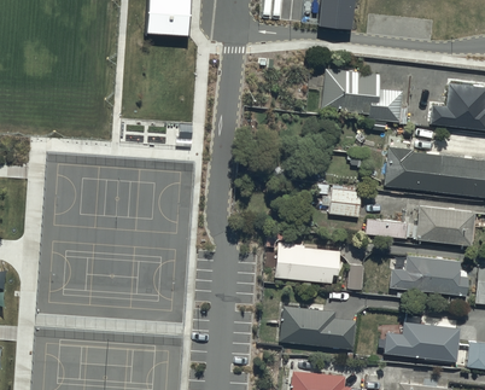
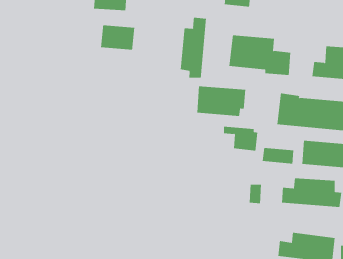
building: none -> [180,17,206,79]
building: none -> [101,24,135,51]
building: [276,243,341,283] -> [196,86,246,116]
building: [281,310,356,355] -> none

